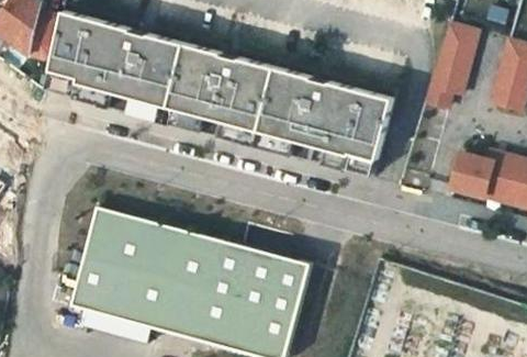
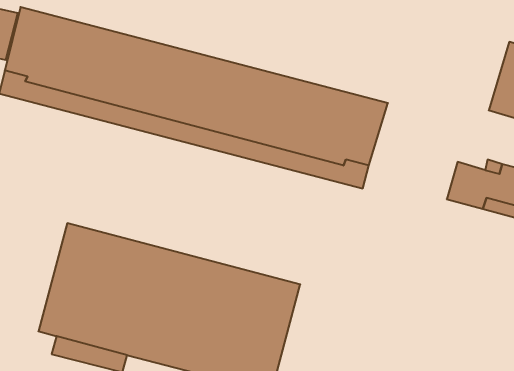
building: [424,24,475,111] -> none

